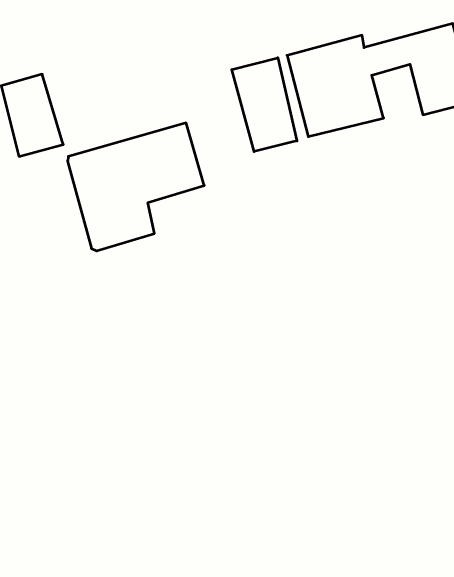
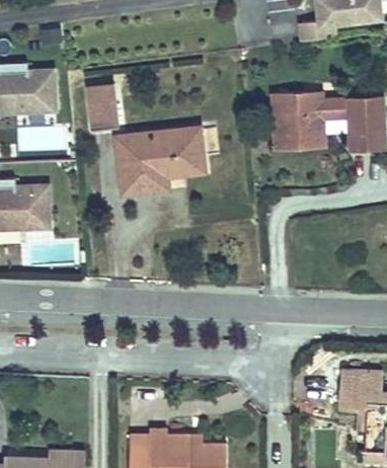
building: [232,58,297,152] -> none

